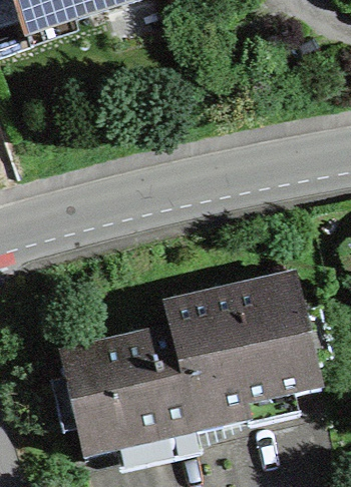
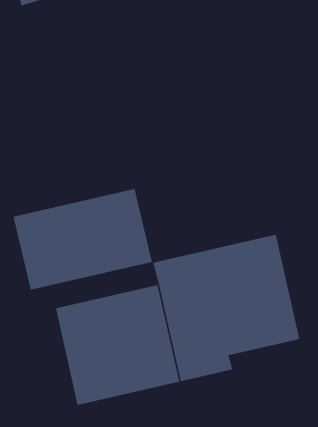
building: none -> [13,188,153,291]

